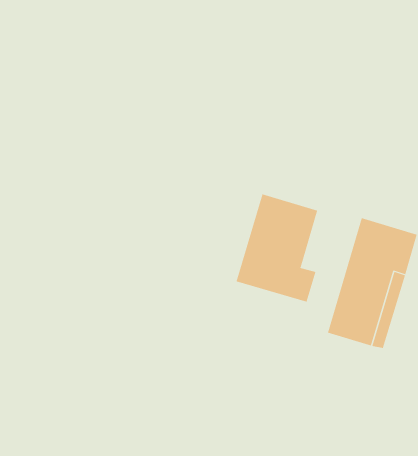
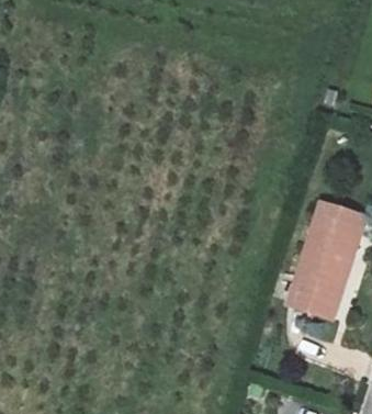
building: [236,194,318,302] -> none

